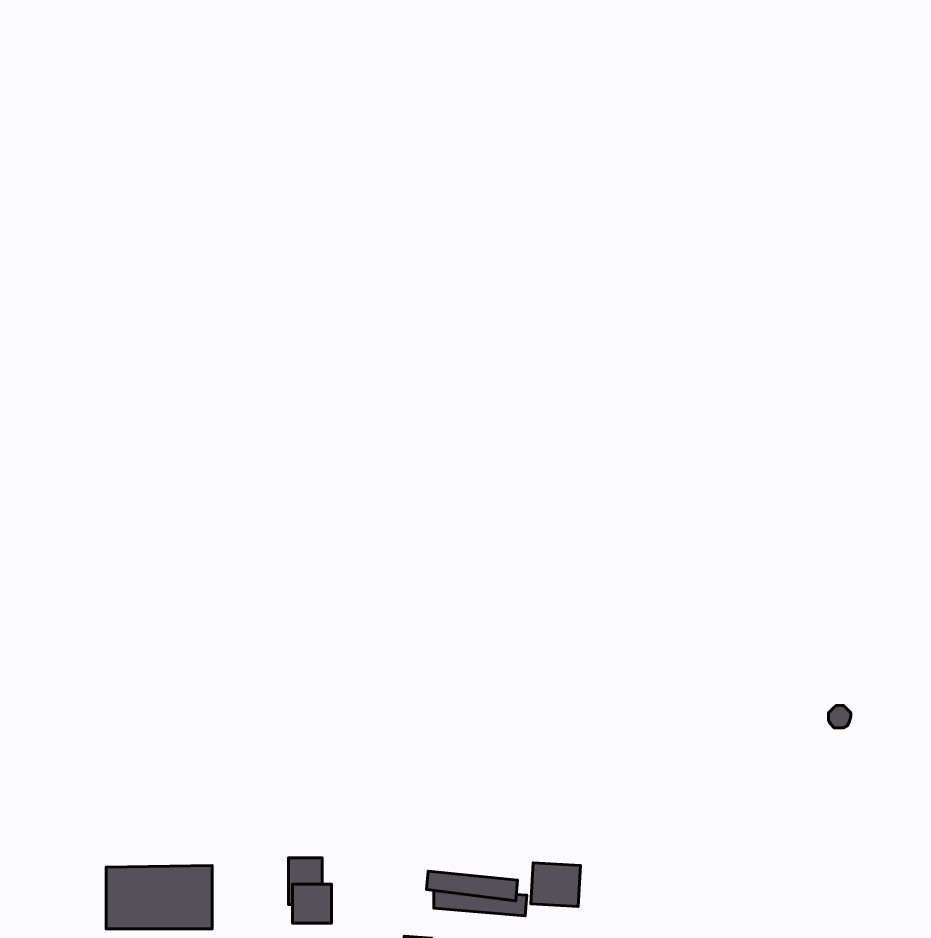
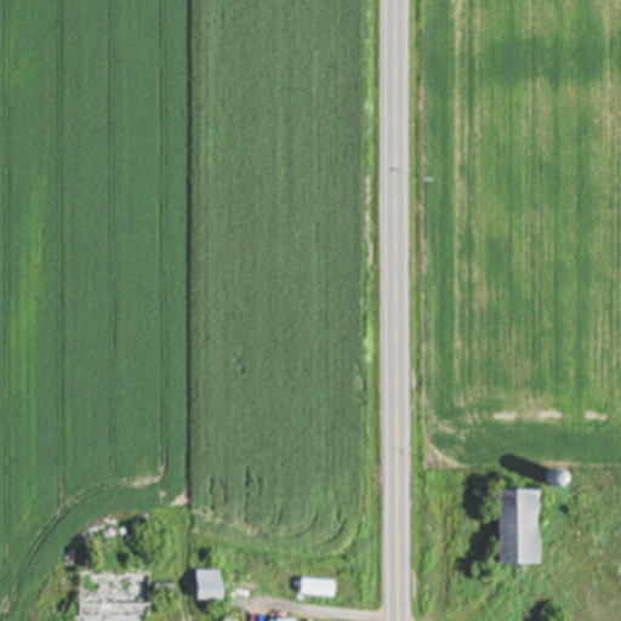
building: none -> [495,491,539,562]
building: [531,863,581,907] -> none

